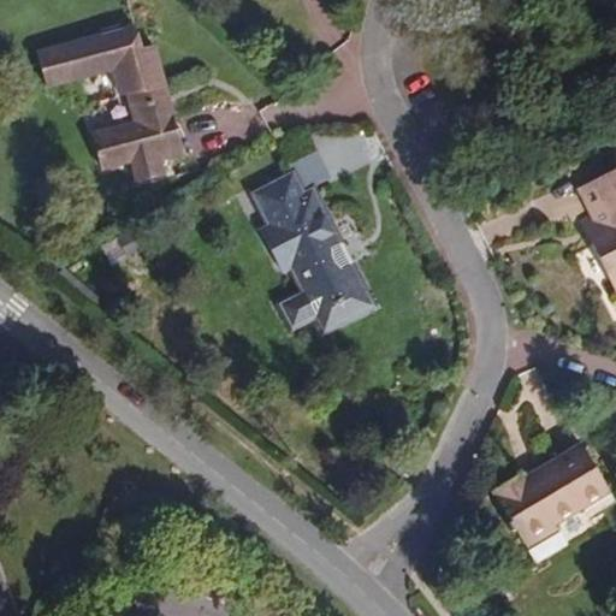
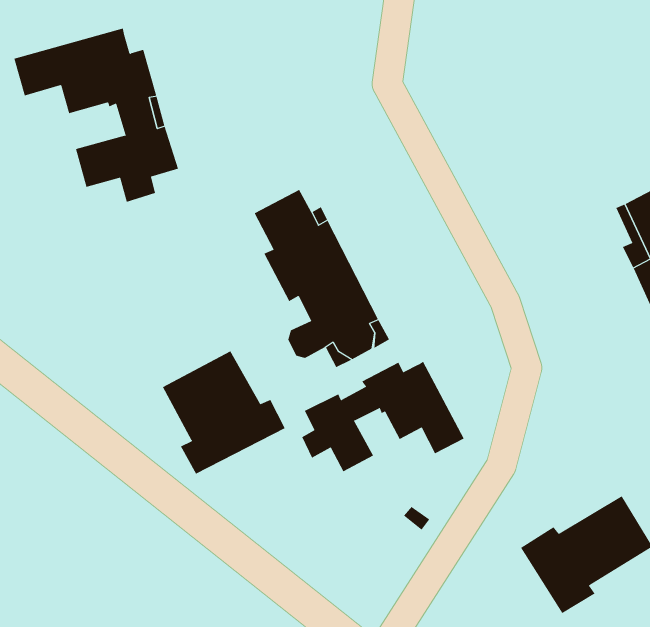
building: none -> [162,351,285,475]
building: none -> [301,361,464,472]

